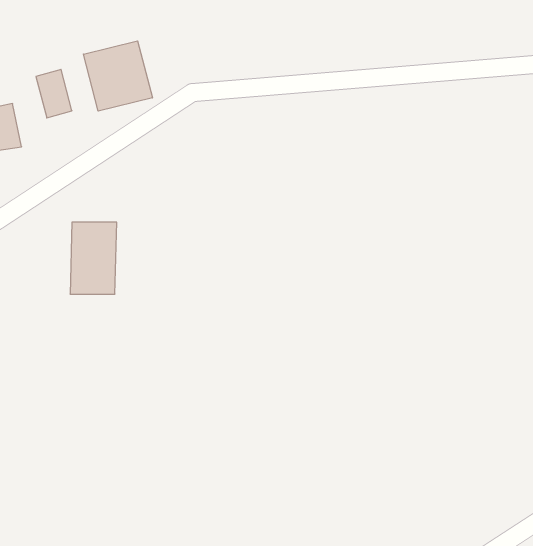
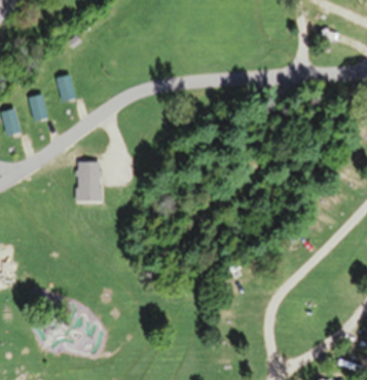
building: [83,41,152,111] -> none

